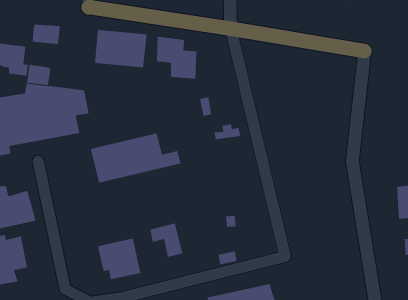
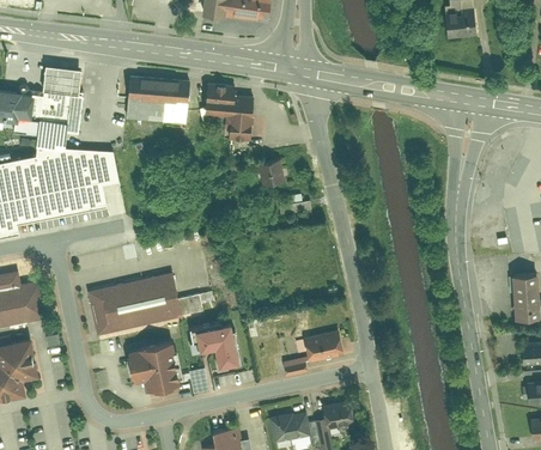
building: none -> [35,91,83,133]
building: [90,133,182,183] -> [86,273,203,338]
building: none -> [293,332,347,364]

